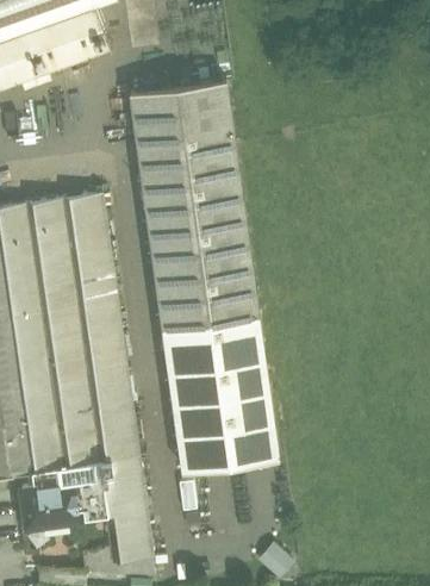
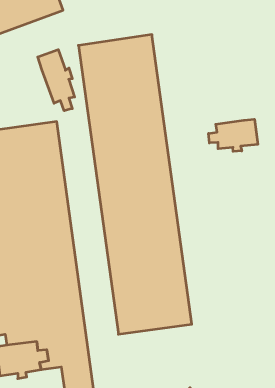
building: none -> [38,50,75,111]
building: none -> [209,119,258,151]

